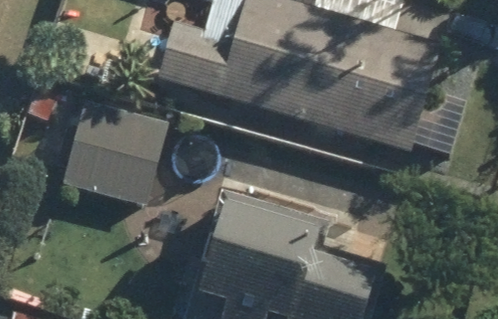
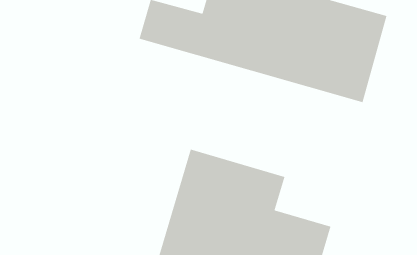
building: [65,100,169,199] -> none

